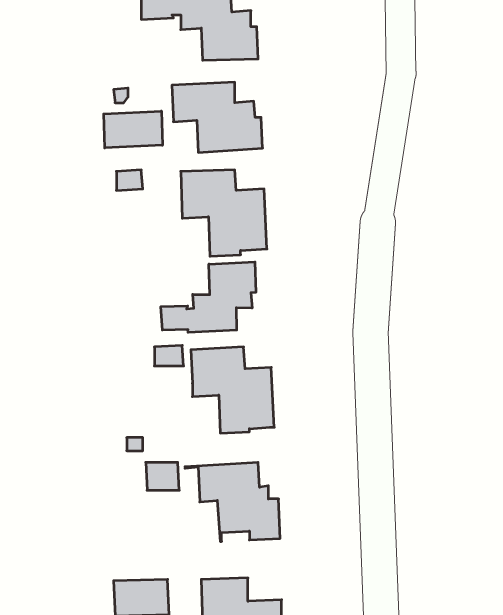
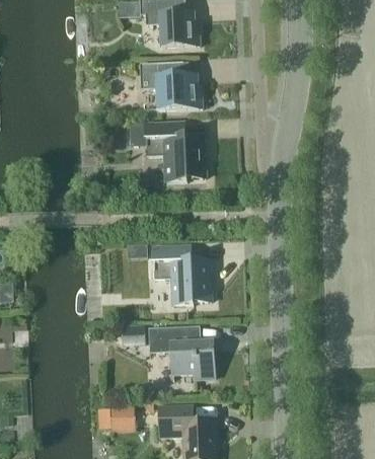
building: [104,111,162,148] -> none
building: [161,262,256,332] -> none

